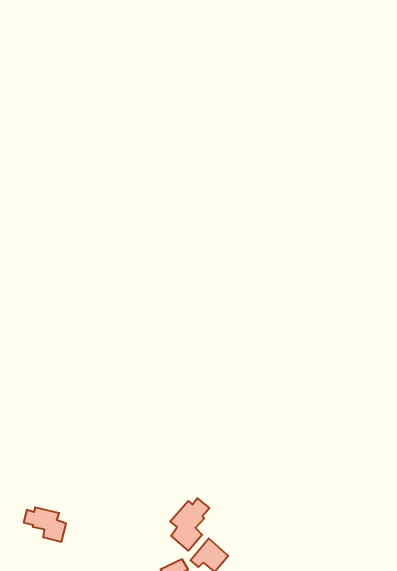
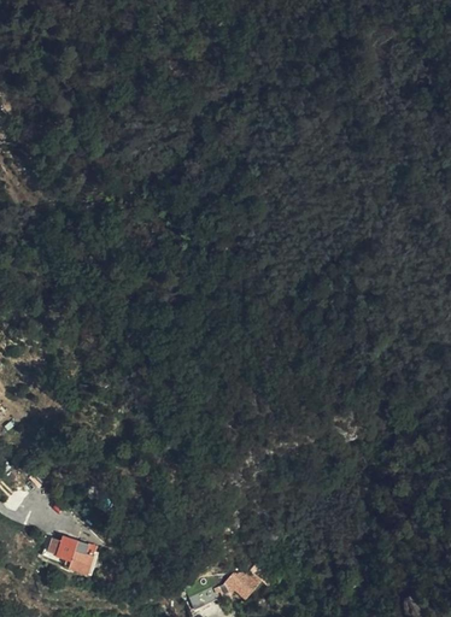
building: [170,498,209,551] -> none

